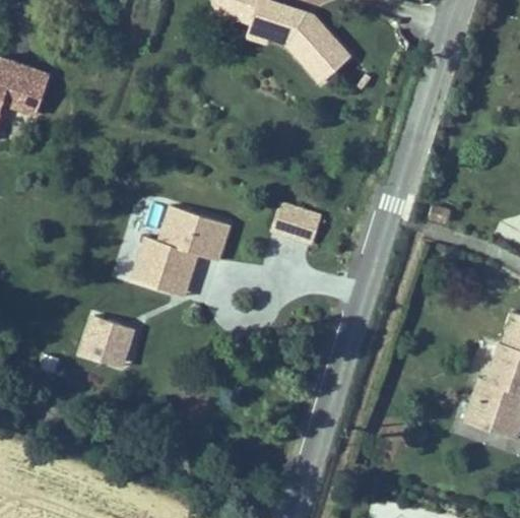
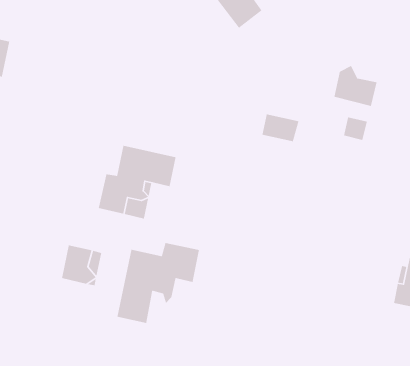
building: none -> [334,65,377,107]
building: [272,205,318,242] -> [261,114,299,142]
building: none -> [116,242,200,324]

